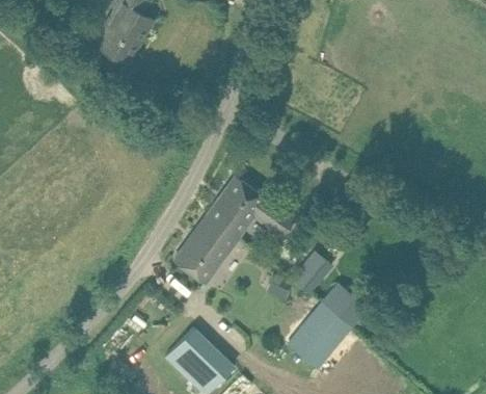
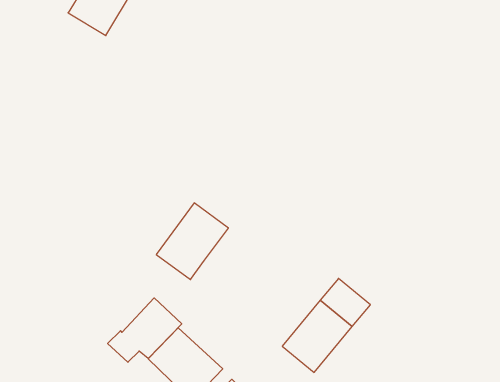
building: [208,177,295,238] -> none
building: [293,252,333,294] -> none
building: none -> [108,298,182,362]

